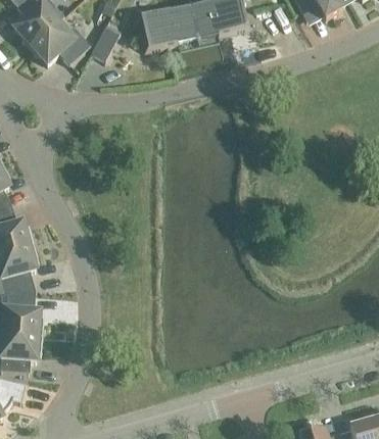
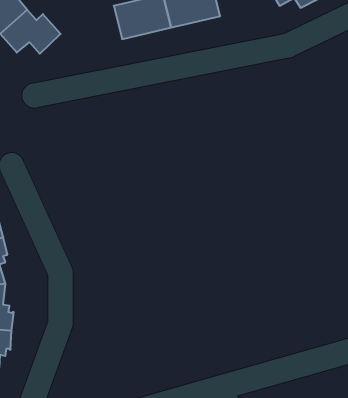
building: [90,22,121,60] -> none

